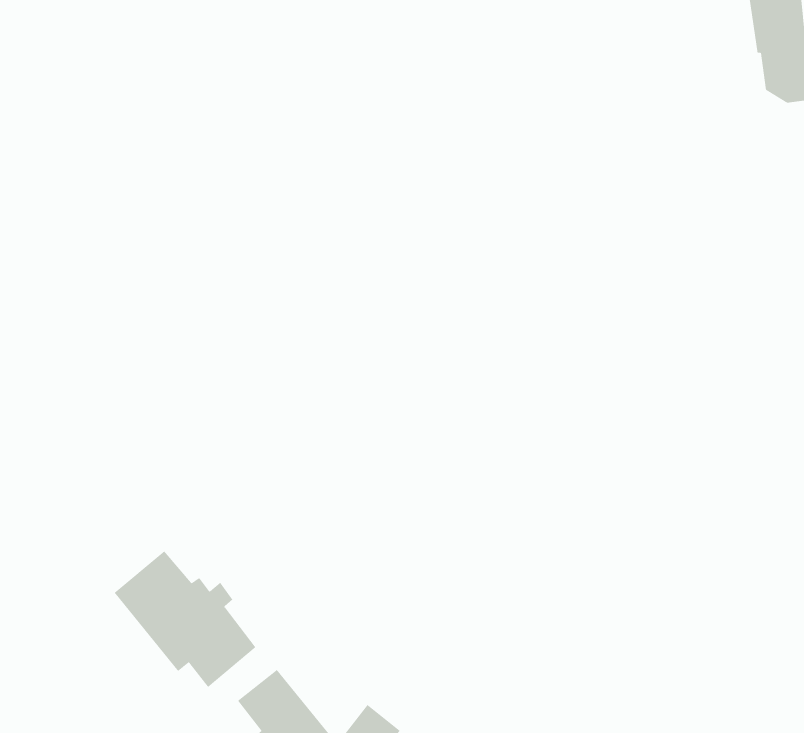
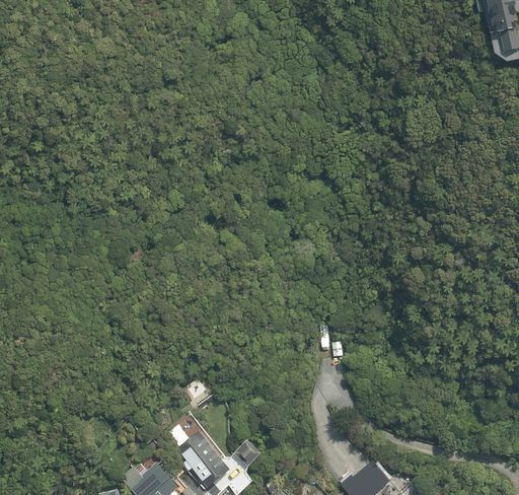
building: [114,550,256,688] -> none

